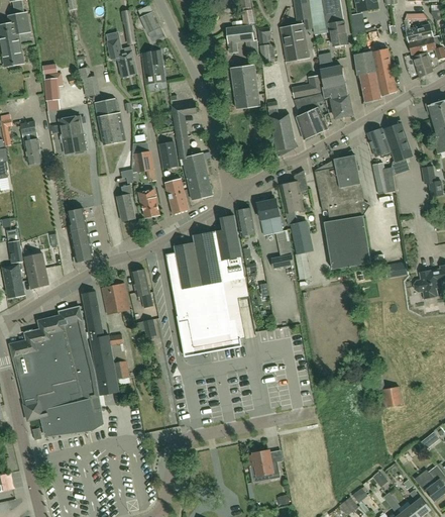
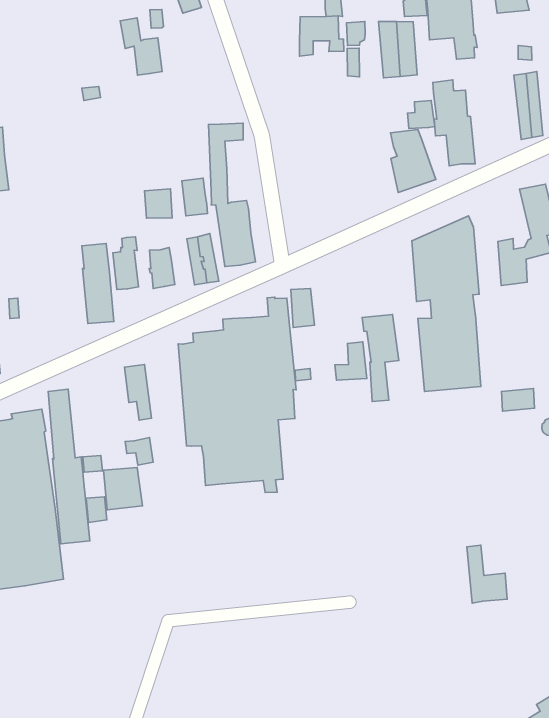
building: [141,49,165,83] -> none
building: [354,51,380,101] -> none
building: [230,65,259,108] -> none
building: [43,72,63,110] -> none
building: [95,99,126,144] -> none
building: [266,101,295,150] -> none
building: [59,114,87,153] -> none
building: [367,128,391,157] -> none
building: [281,171,307,212] -> none
building: [257,199,283,234] -> none
building: [67,207,93,262] -> [82,244,114,323]
building: [102,284,130,314] -> [104,467,142,510]
building: [249,449,280,479] -> none

